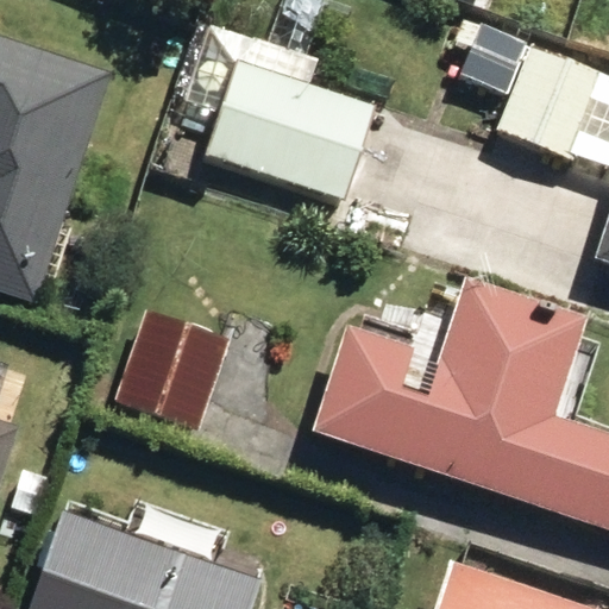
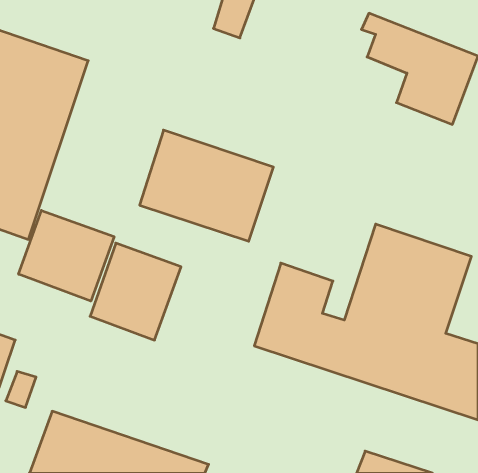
building: [206,57,373,196] -> [140,130,273,241]
building: none -> [19,210,114,301]

